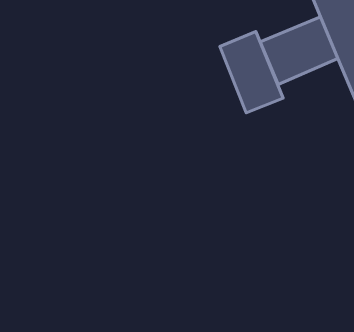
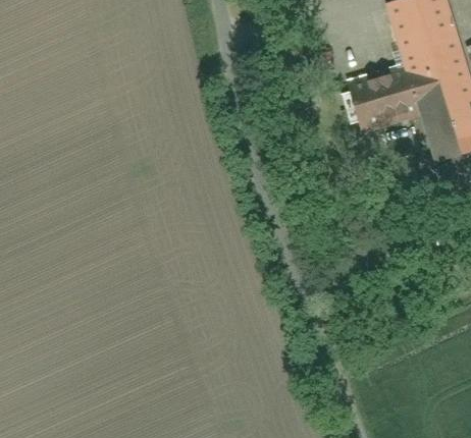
building: [220,32,283,113] -> none

